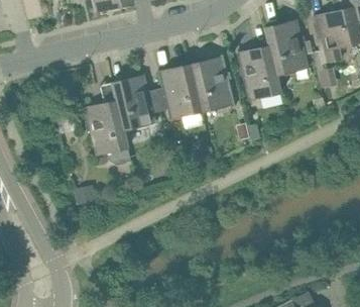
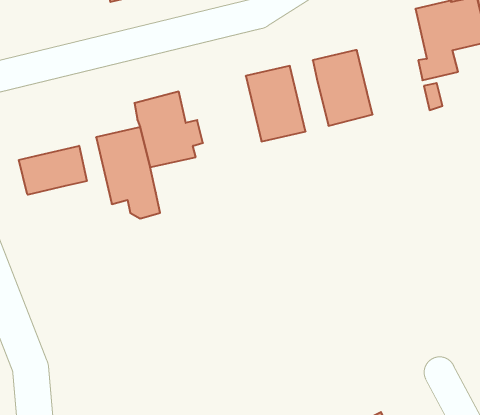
building: [264,20,308,75] -> none
building: [156,64,202,117] -> none
building: none -> [19,146,87,195]

